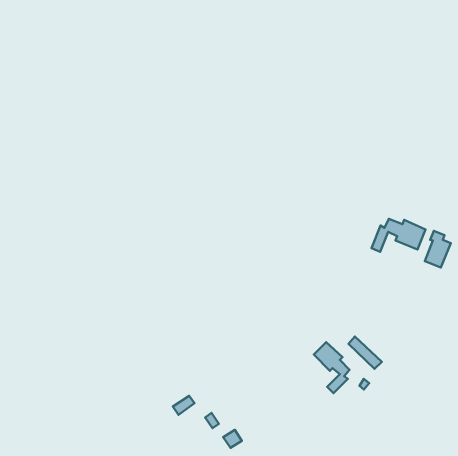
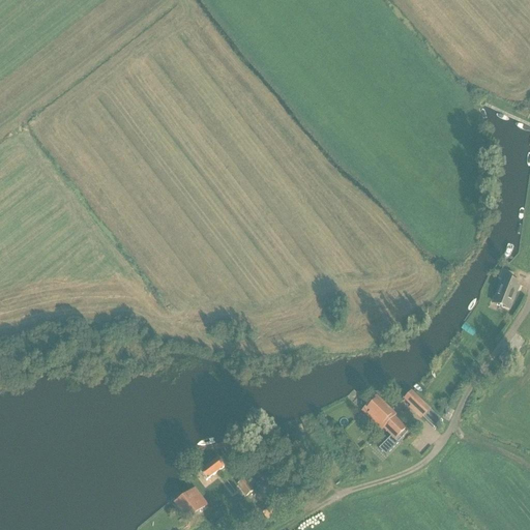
building: [371,219,426,252] -> none
building: none -> [178,487,207,516]

